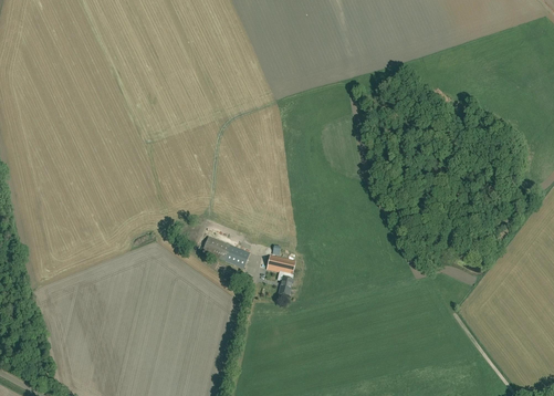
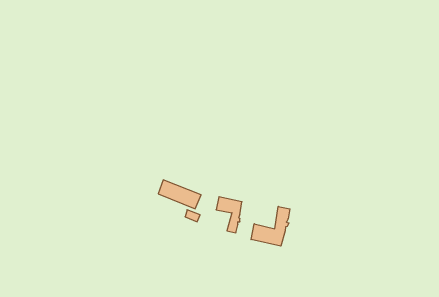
building: none -> [251,206,290,246]

